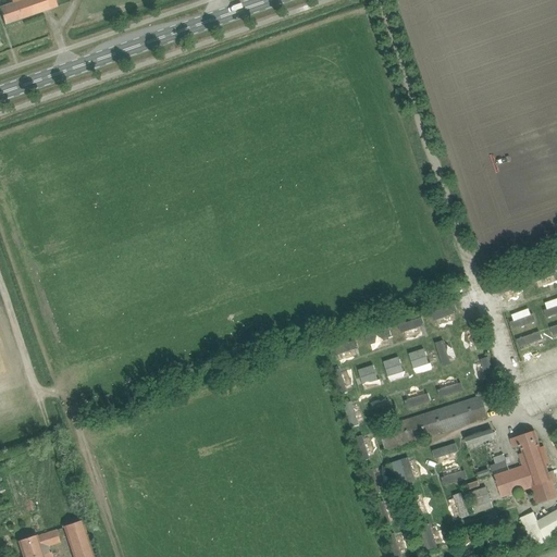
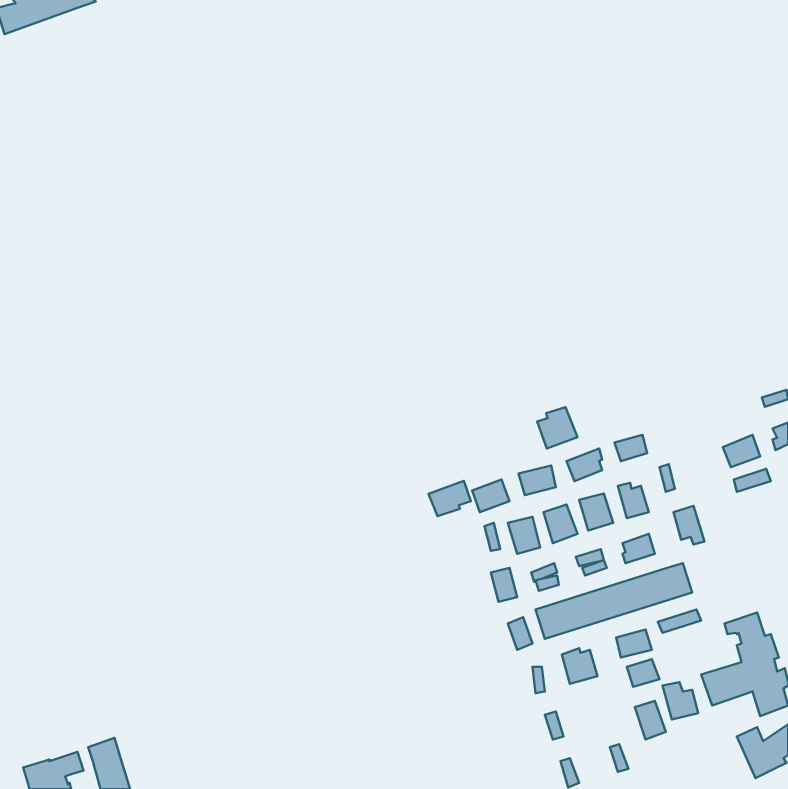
building: none -> [537,407,577,449]
building: none -> [429,481,471,516]

